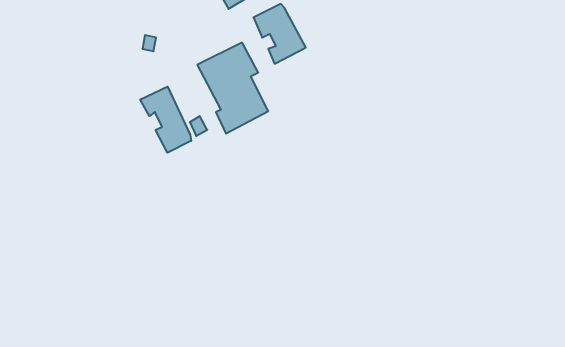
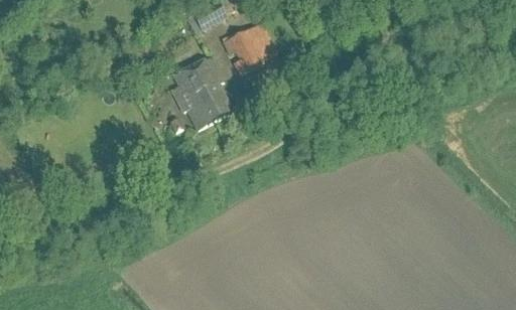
building: [140,87,191,153] -> none

